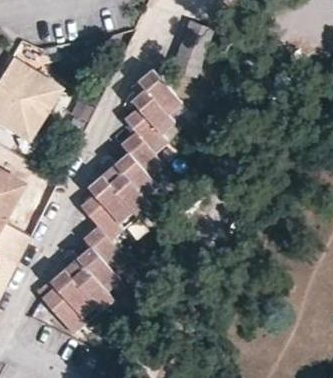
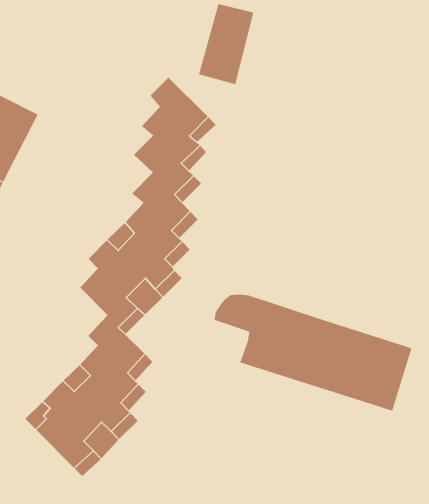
building: none -> [214,294,412,412]

